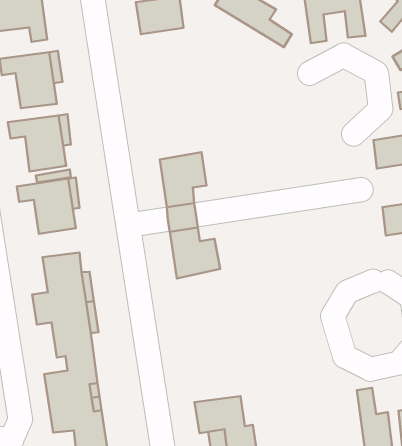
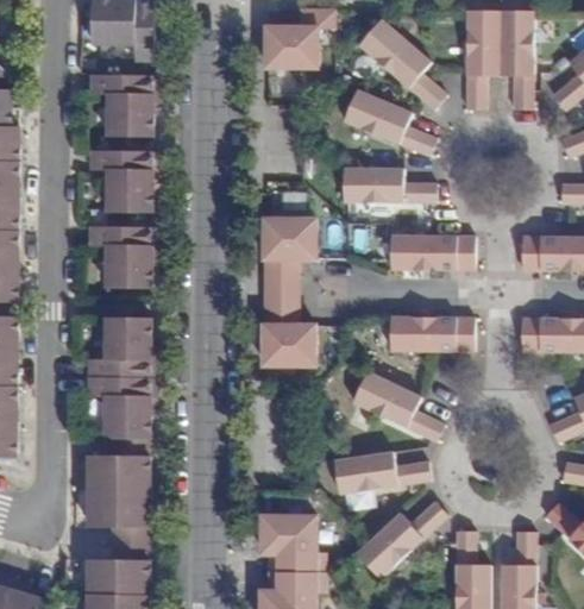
building: none -> [341,92,434,157]
building: none -> [343,168,435,203]
building: none -> [390,236,475,270]
building: none -> [390,316,473,351]
building: none -> [352,371,445,442]
building: none -> [333,452,431,494]
building: none -> [356,501,446,578]

